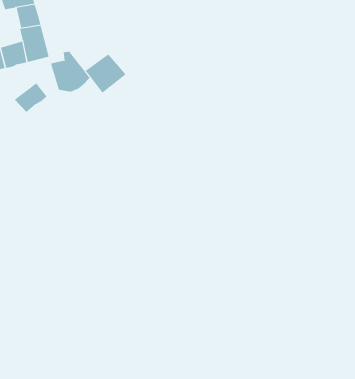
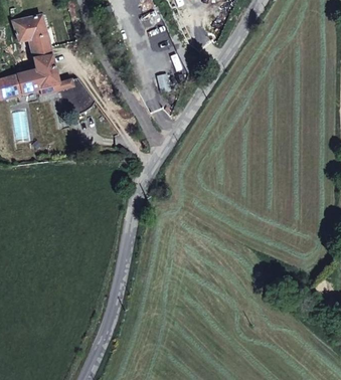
building: [85,54,126,93] -> none
building: [14,83,47,113] -> none

